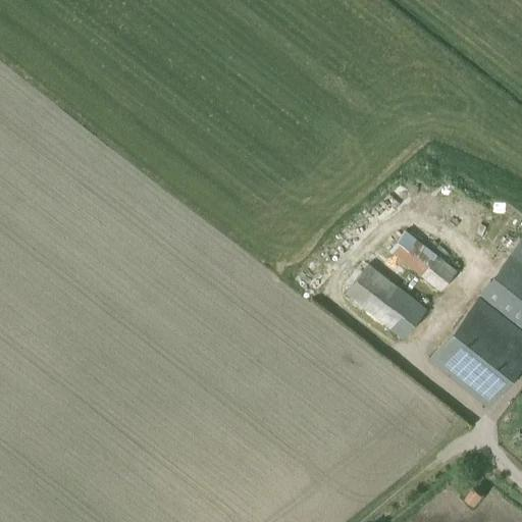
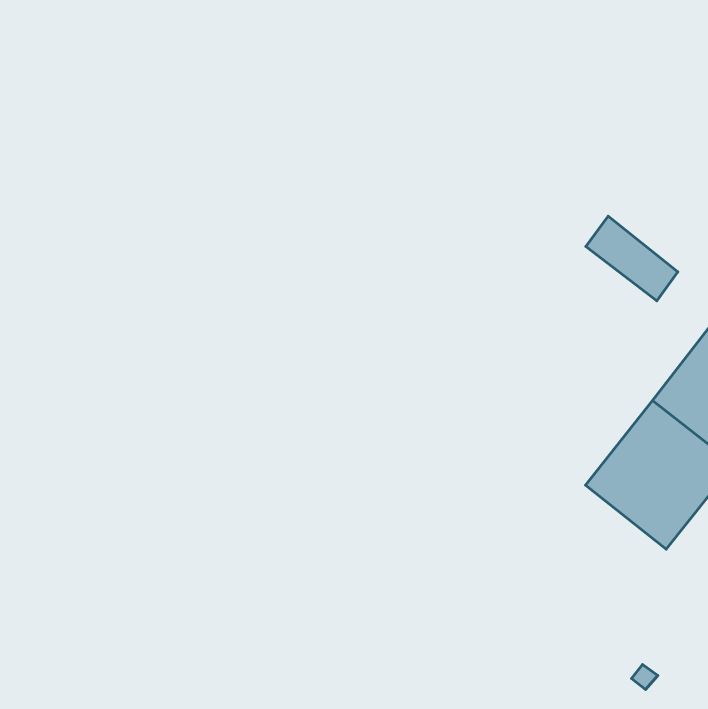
building: [390,230,458,293] -> [586,216,678,301]
building: [346,263,428,341] -> none

